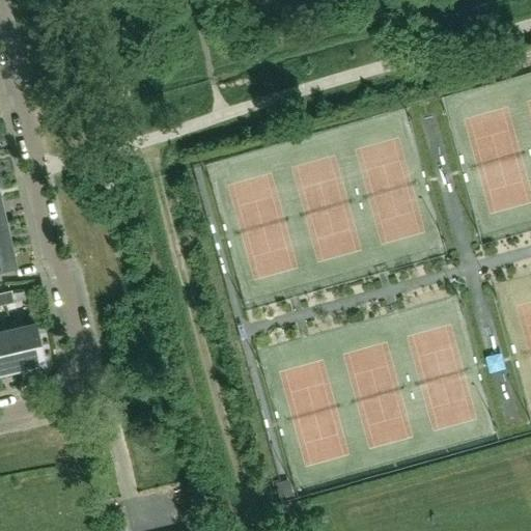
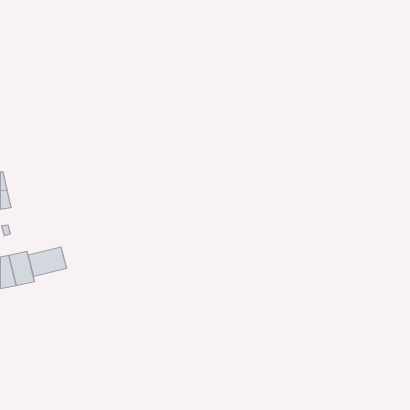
building: none -> [28,247,67,276]

